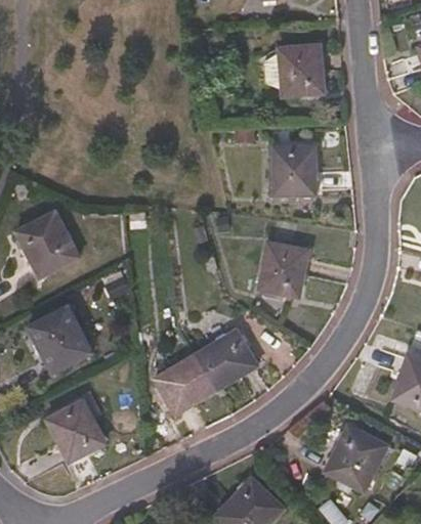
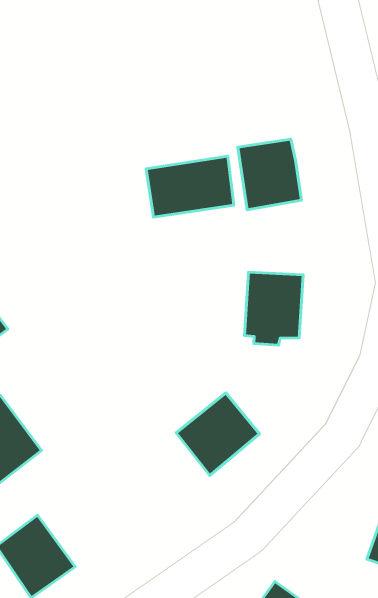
building: [264,45,324,96] -> none
building: none -> [146,156,234,217]
building: [154,354,215,414] -> none

